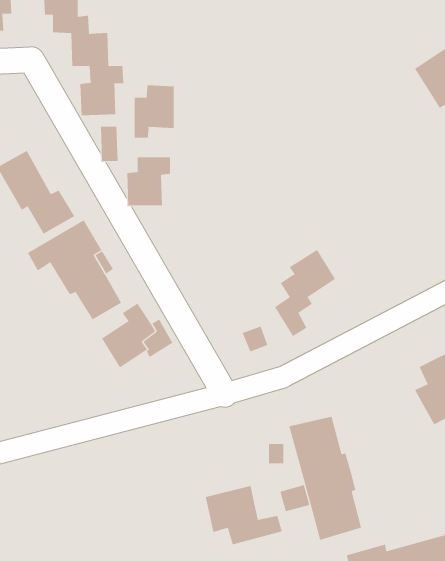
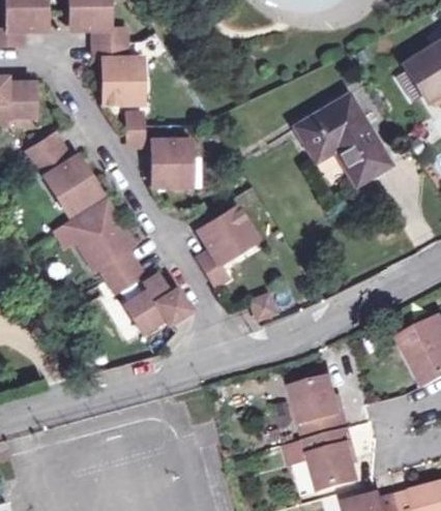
building: [134,84,174,139] -> none
building: none -> [298,96,387,180]
building: [274,249,336,337] -> [195,208,251,288]
building: [205,485,283,545] -> none

